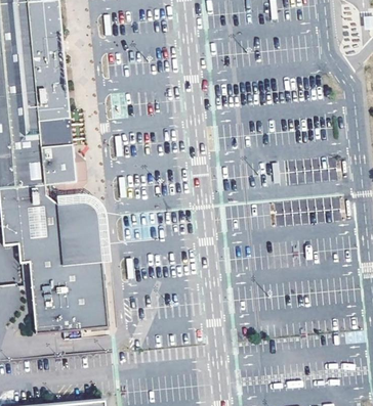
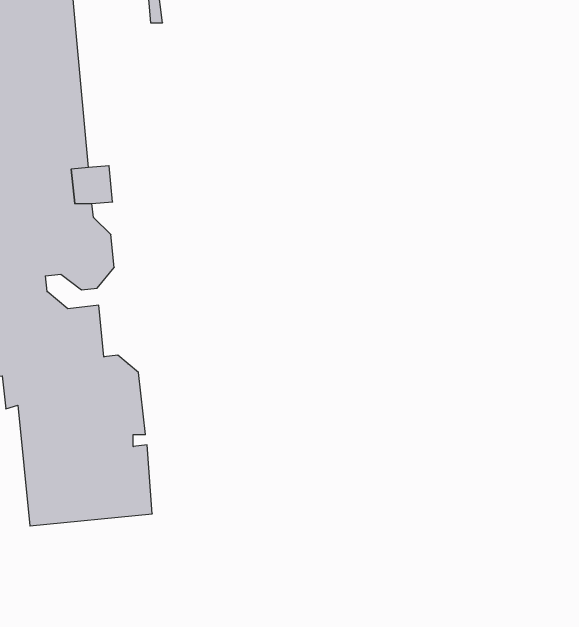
building: [75,201,98,241] -> none

